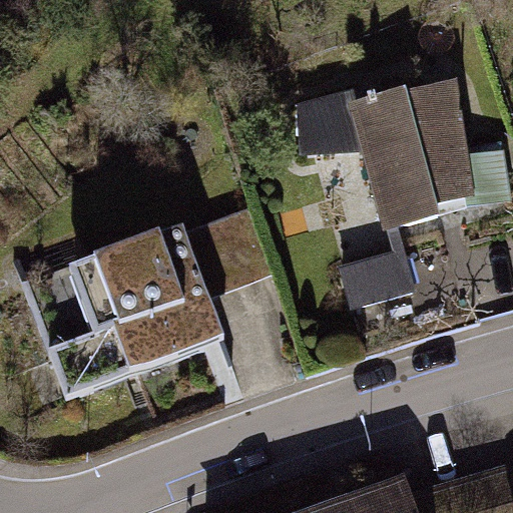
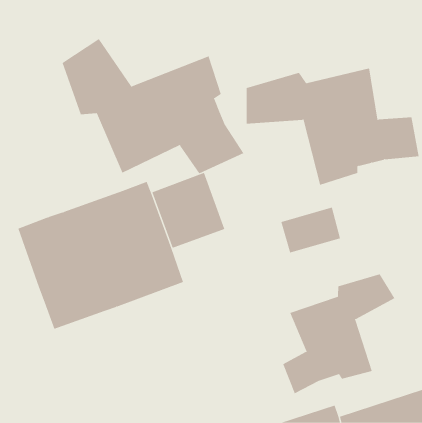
building: none -> [62,38,244,174]
building: none -> [282,274,395,394]

